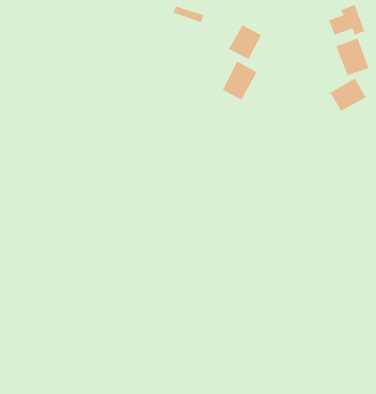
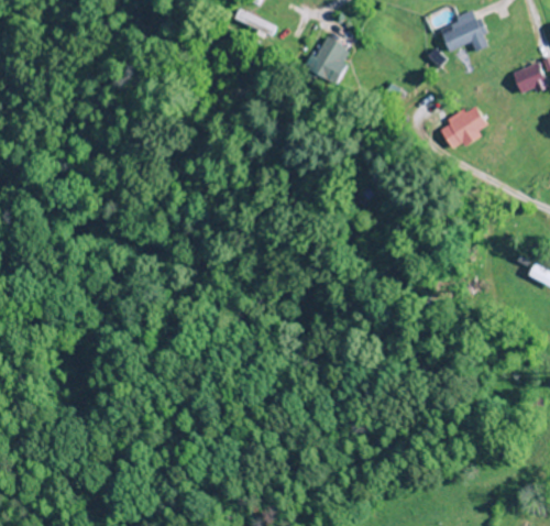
building: [335,38,370,76] -> none
building: [222,61,258,101] -> none

